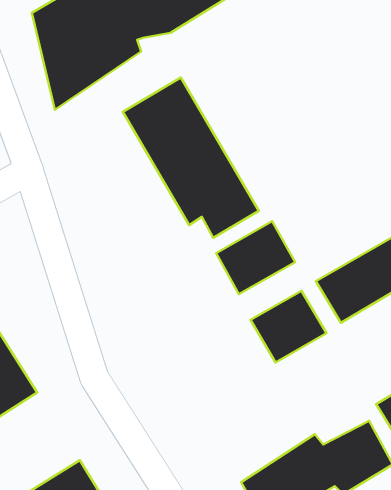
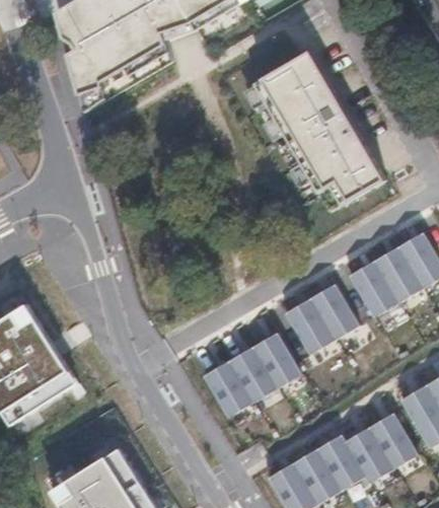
building: [123,78,259,238] -> [251,50,384,206]
building: [216,221,295,294] -> none
building: none -> [202,332,300,417]

